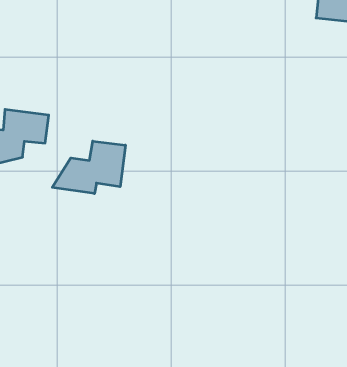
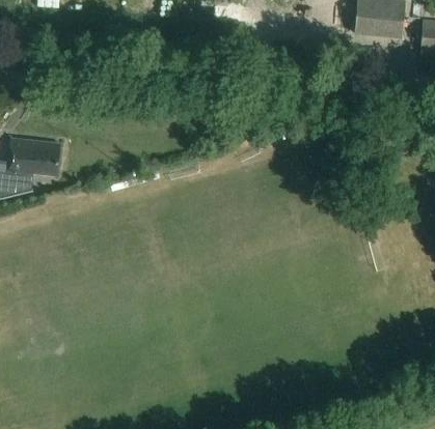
building: [52,141,125,194] -> none

